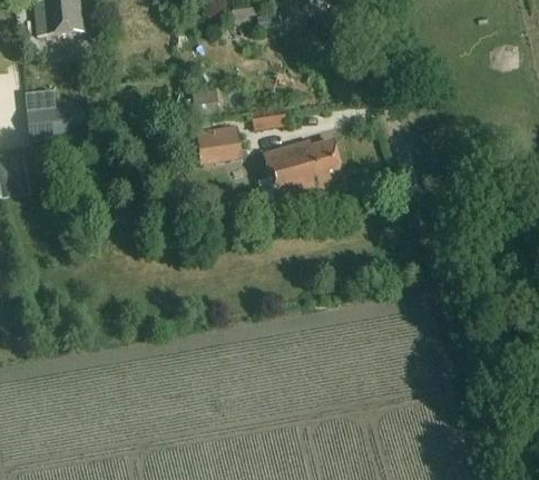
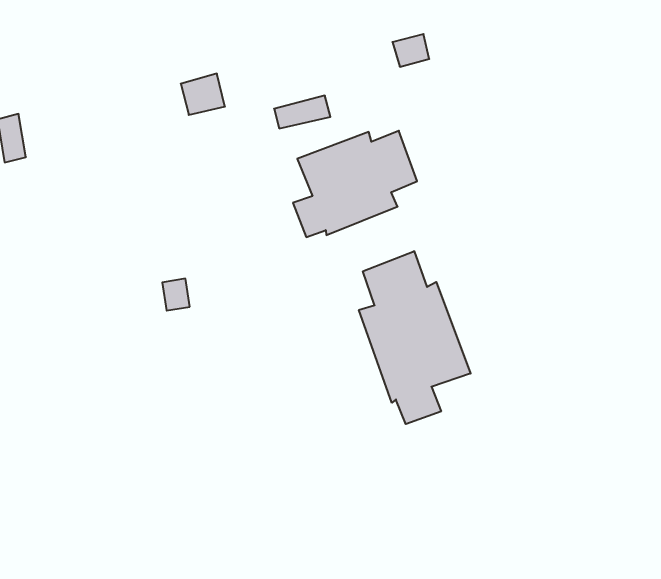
building: [194,125,239,161] -> none
building: none -> [359,251,471,424]

